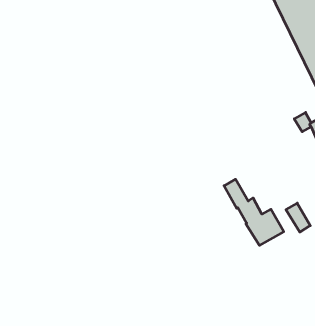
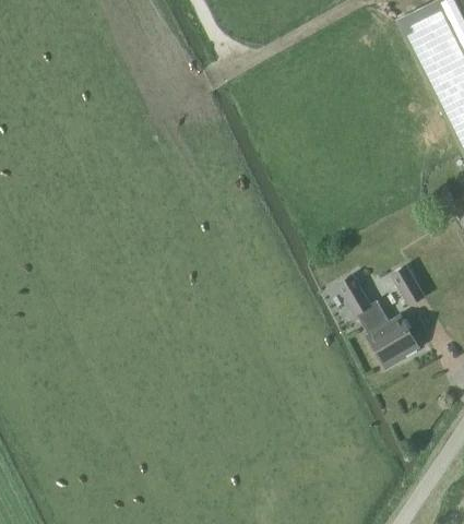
building: [286,203,310,232] -> [393,267,426,307]

